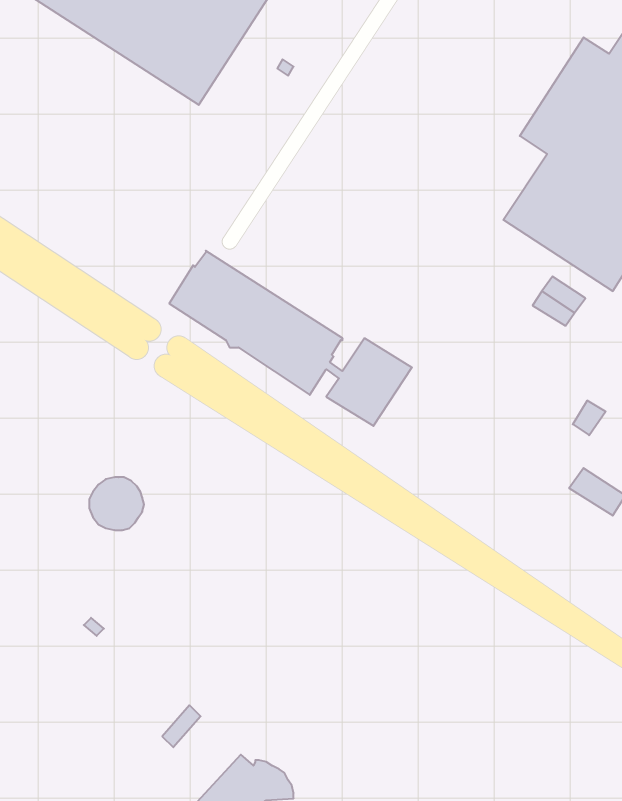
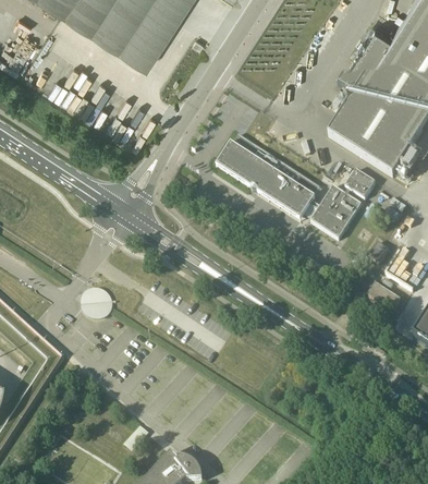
building: [169,251,412,426] -> [217,135,362,240]

